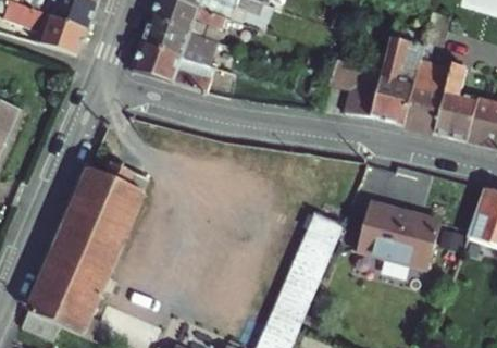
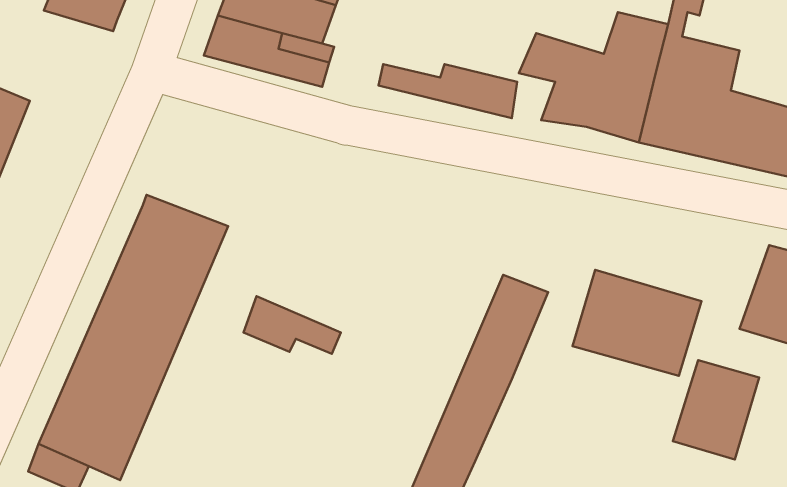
building: none -> [378,64,517,118]
building: none -> [243,296,341,354]
building: none -> [673,360,759,460]

